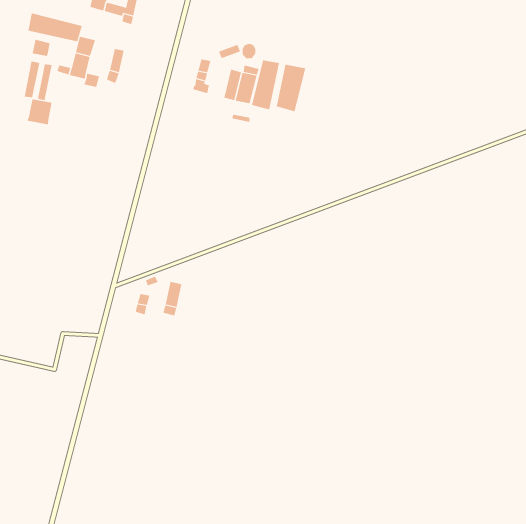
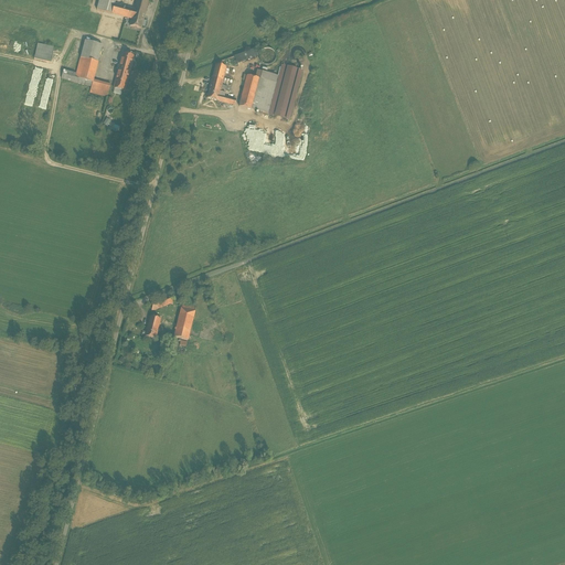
building: [28,13,82,42] -> none
building: [276,64,306,112] -> none
building: [27,98,52,125] -> none

